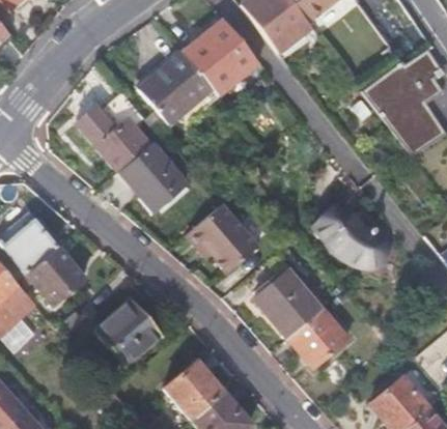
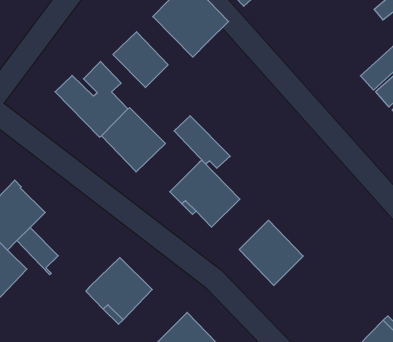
building: [165,52,221,108] -> [174,116,230,168]
building: [372,80,416,122] -> none
building: [315,201,385,259] -> none
building: [41,246,85,291] -> none
building: [288,308,348,368] -> none

